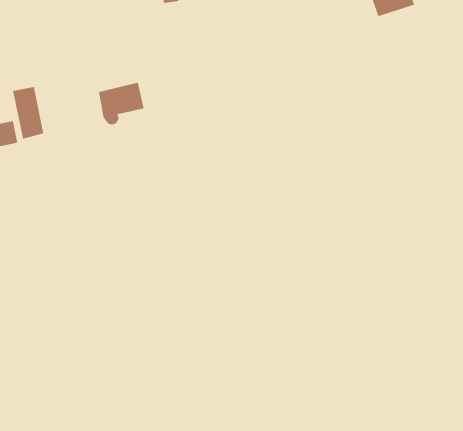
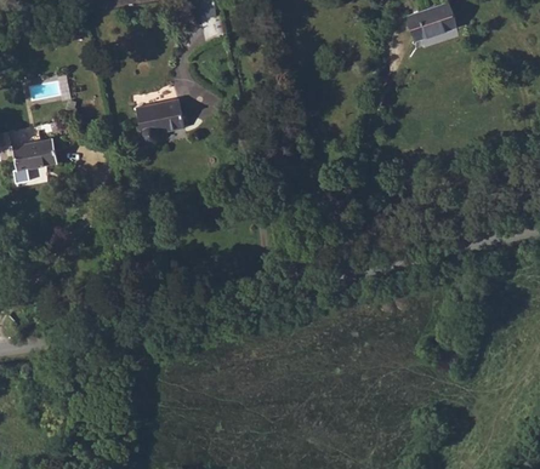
building: [13,86,44,139] -> none

